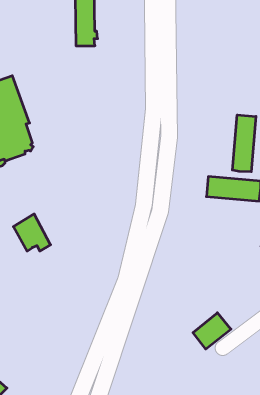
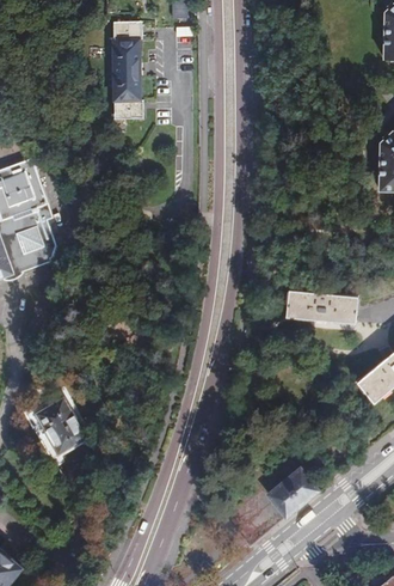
building: [232,115,256,172] -> none
building: [13,214,51,251] -> [35,397,84,446]

